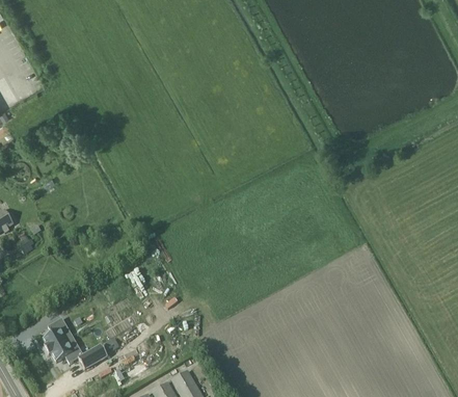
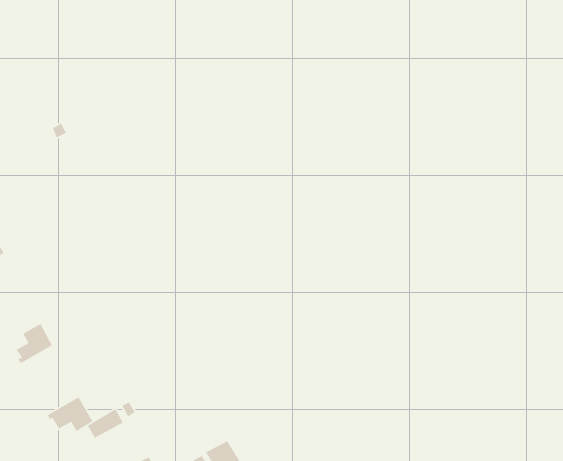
building: [42,319,71,351] -> [16,323,53,364]

